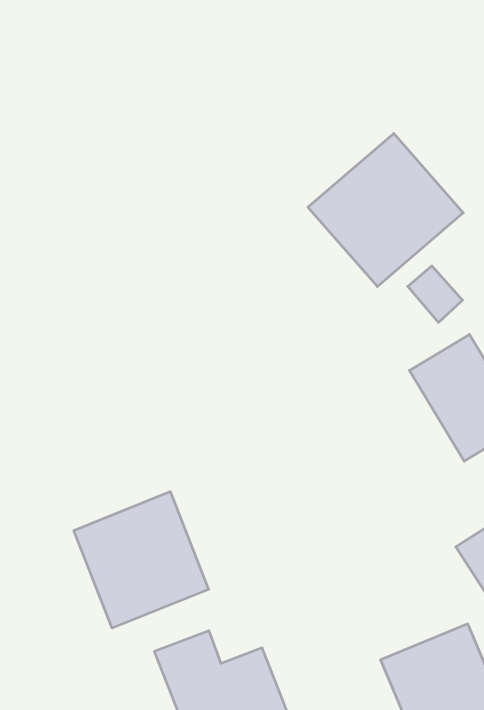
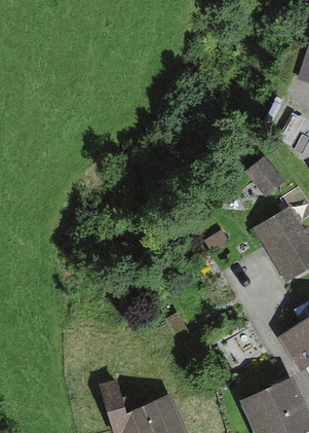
building: [308,133,463,287] -> none
building: [74,492,209,628] -> none

